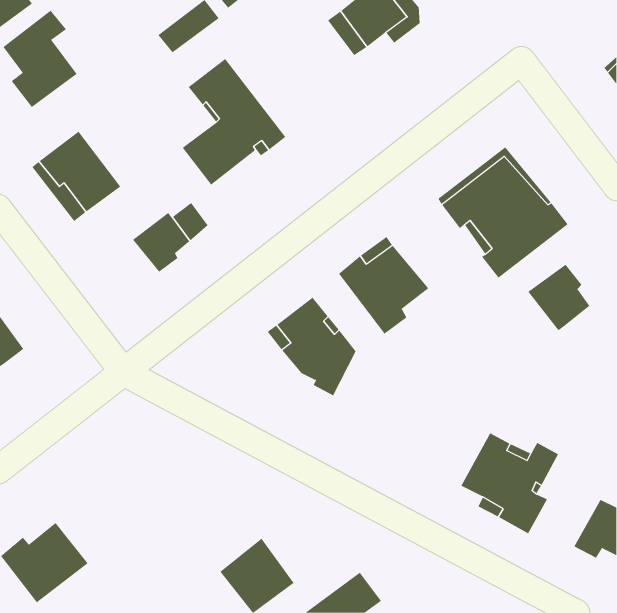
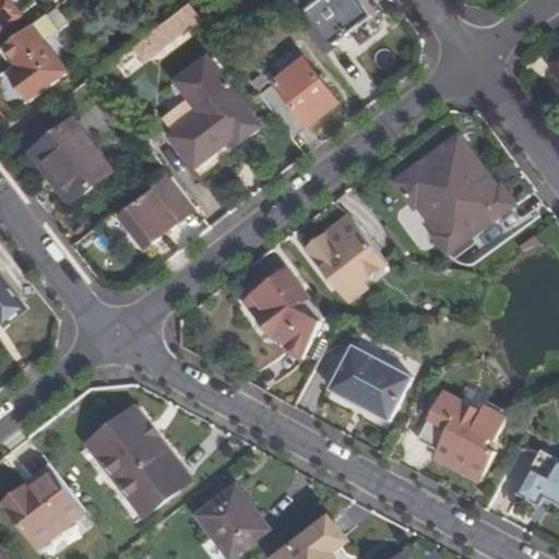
building: none -> [255,57,334,134]
building: [528,264,590,331] -> none
building: none -> [326,344,411,419]
building: none -> [85,406,188,515]

